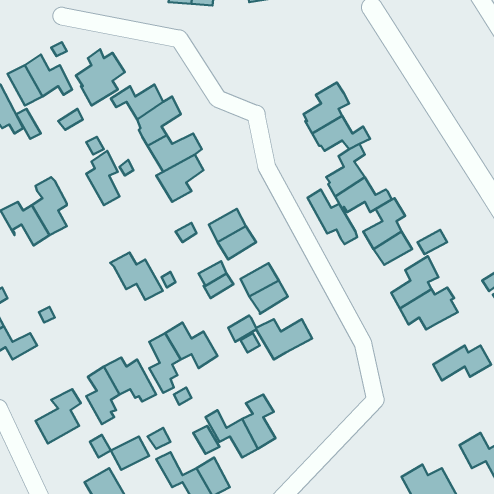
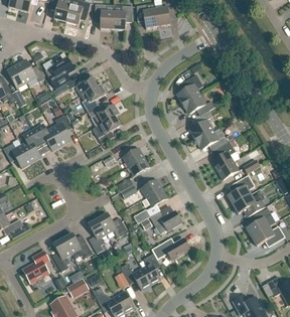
building: [308,189,357,244] -> none
building: [110,252,163,300] -> [32,123,62,150]
building: none -> [246,207,276,236]
building: none -> [152,237,190,260]

